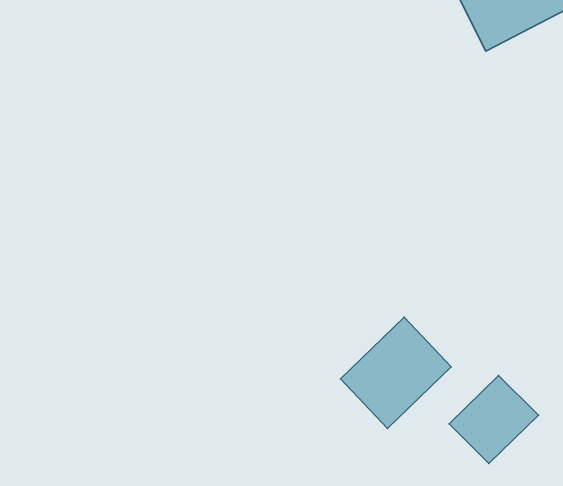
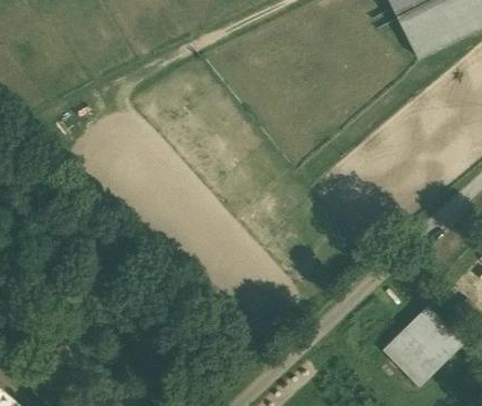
building: [340,317,451,429] -> none

